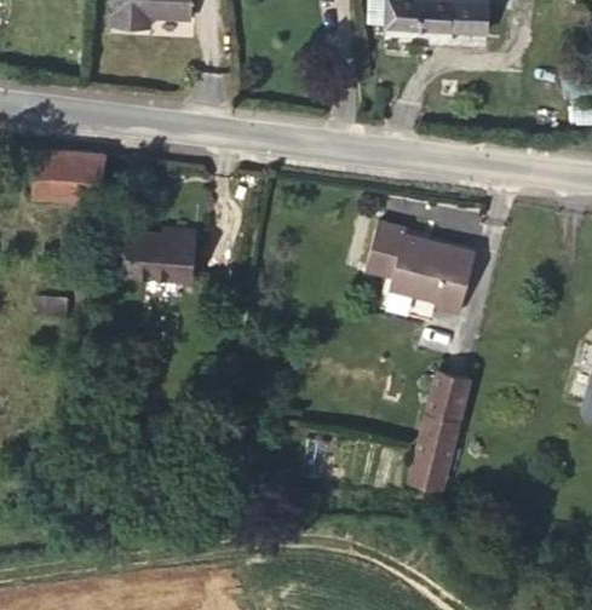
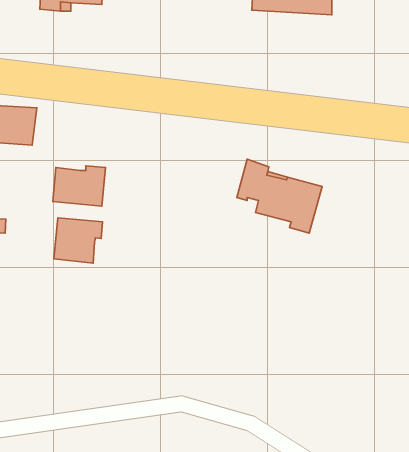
building: none -> [54,218,103,263]
building: [410,370,470,484] -> none

